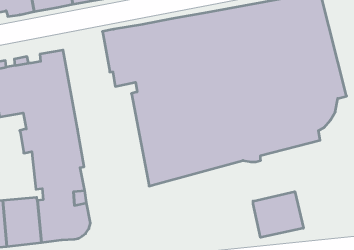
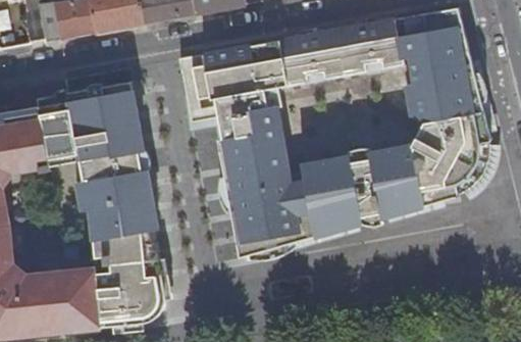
building: [253,192,303,237] -> none

